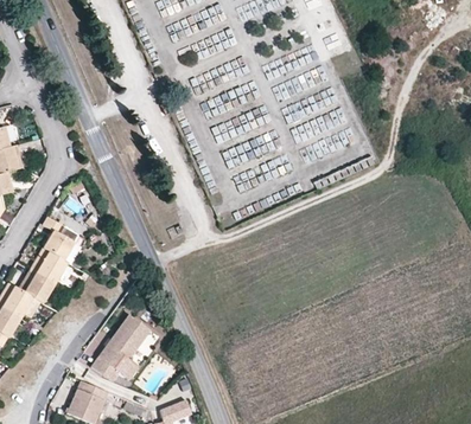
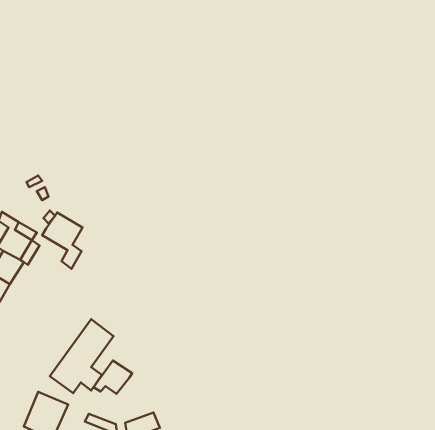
building: none -> [42,212,82,269]
building: none -> [93,360,132,394]

